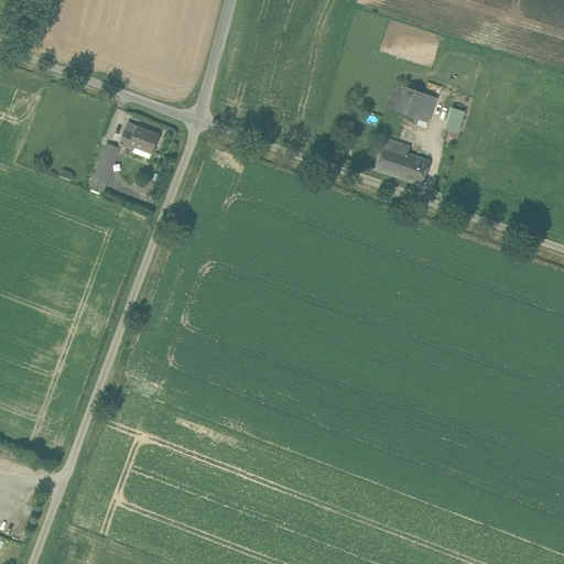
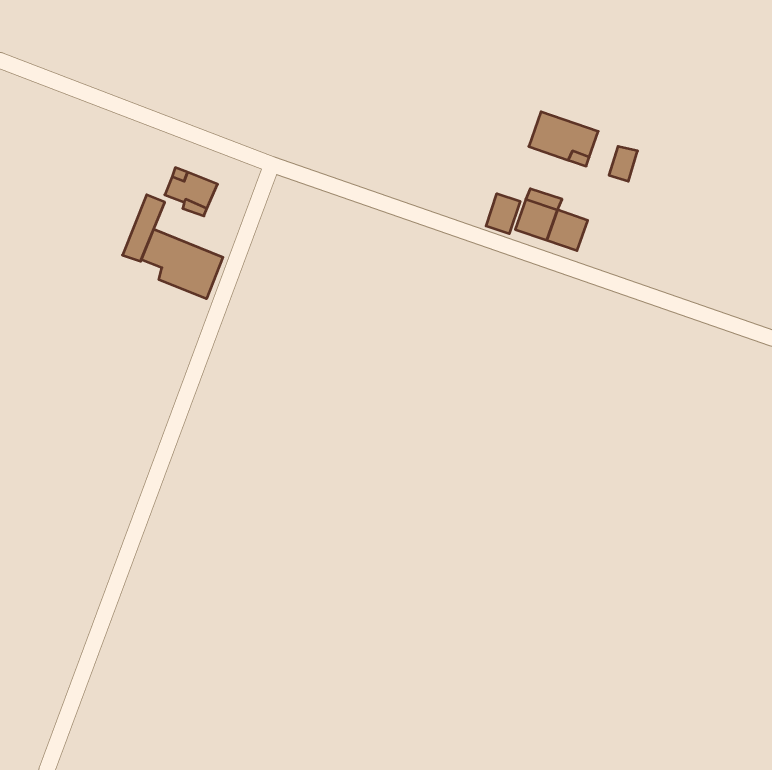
building: none -> [486,194,520,234]
building: none -> [142,229,223,299]

